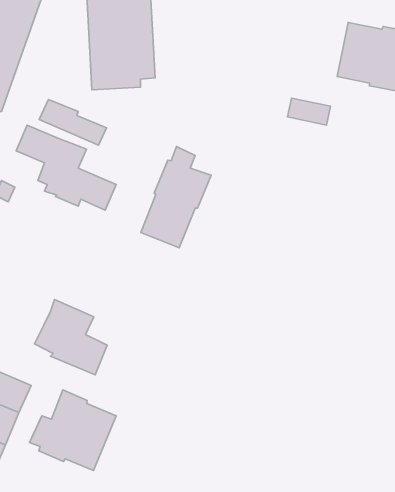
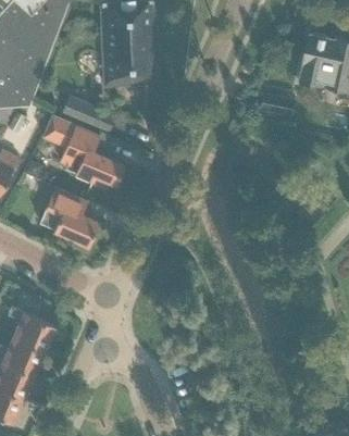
building: [141,146,211,248] -> none
building: [34,299,107,375] -> [39,186,98,247]
building: [30,390,116,470] -> none

